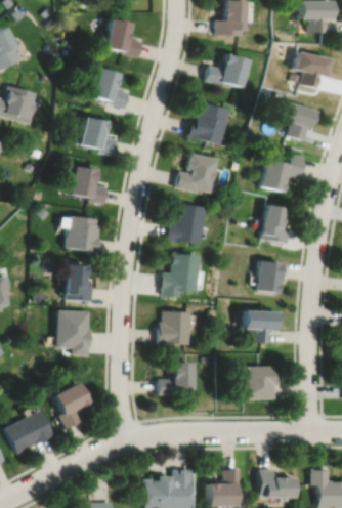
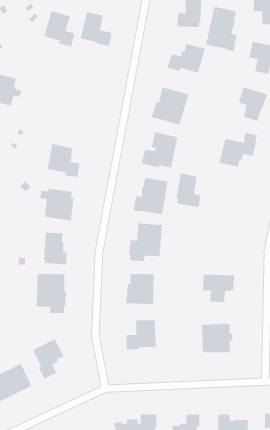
building: none -> [205,6,237,52]
building: [93,67,129,108] -> [43,11,75,47]
building: [79,116,117,155] -> none
building: [262,204,291,243] -> [176,173,201,207]
building: [258,260,284,293] -> none

